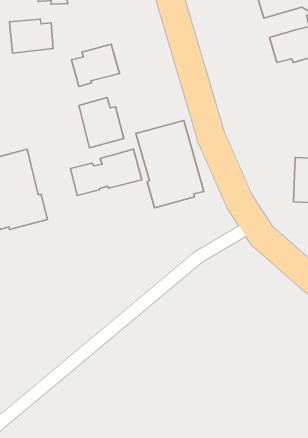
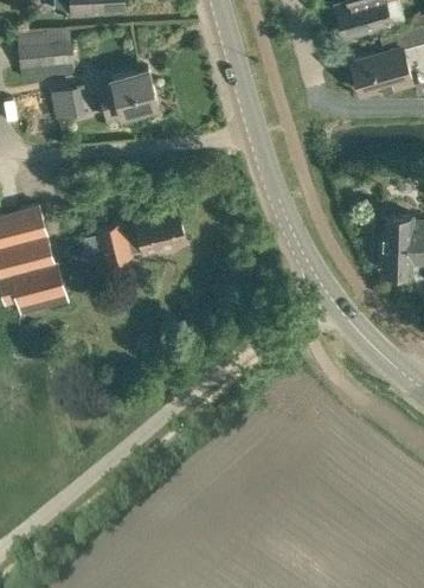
building: none -> [63,88,94,117]
building: [79,97,124,148] -> none
building: [136,120,204,208] -> none

